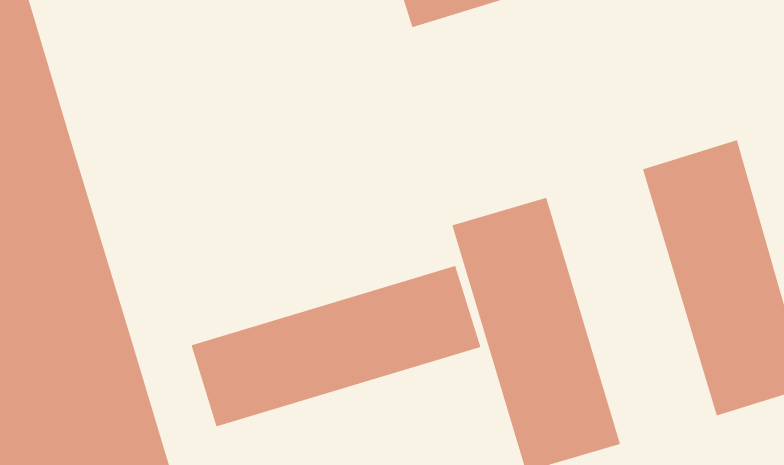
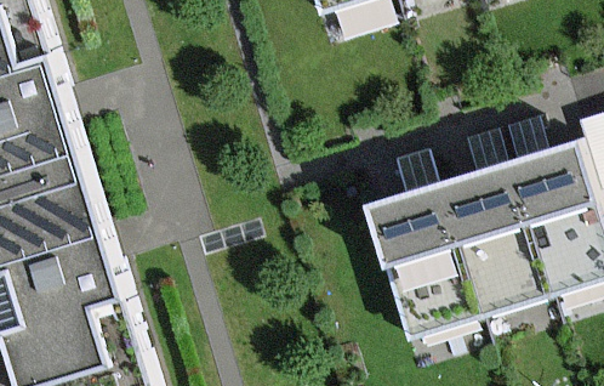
building: none -> [421,127,546,330]
building: [191,265,481,427] -> none

